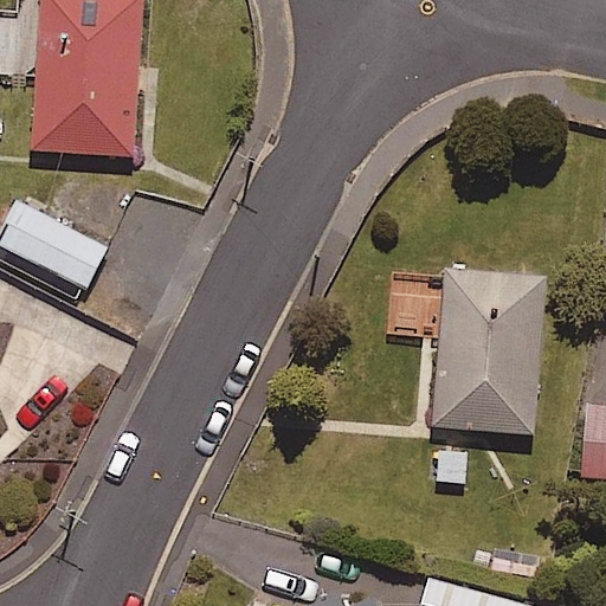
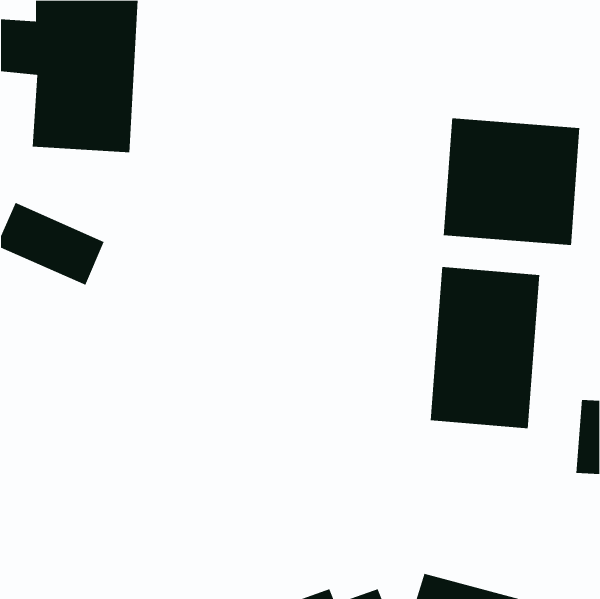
building: none -> [443,118,580,246]

